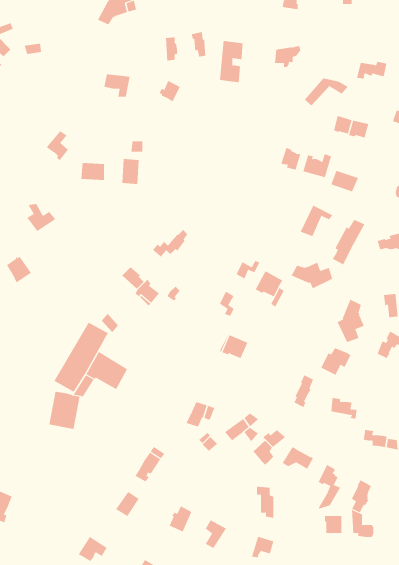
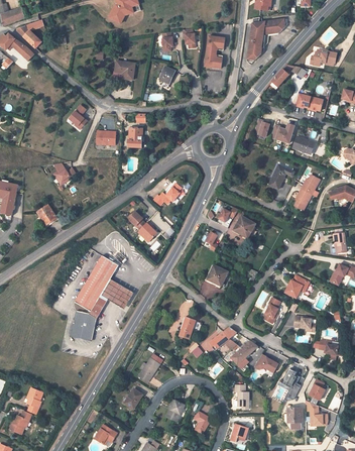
building: none -> [249,16,284,41]
building: [291,262,333,289] -> none
building: [337,299,364,343] -> none

